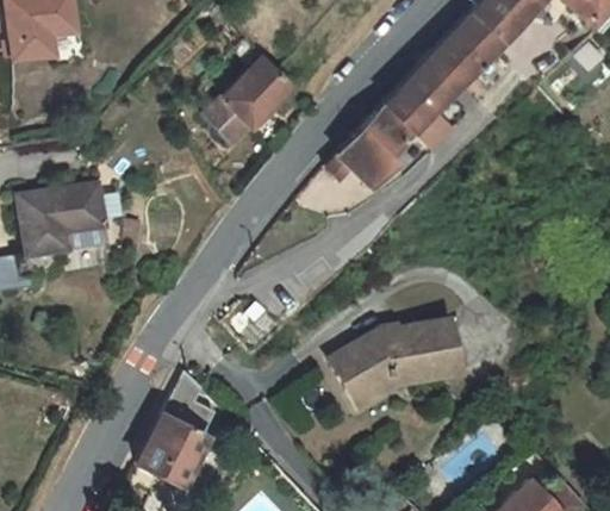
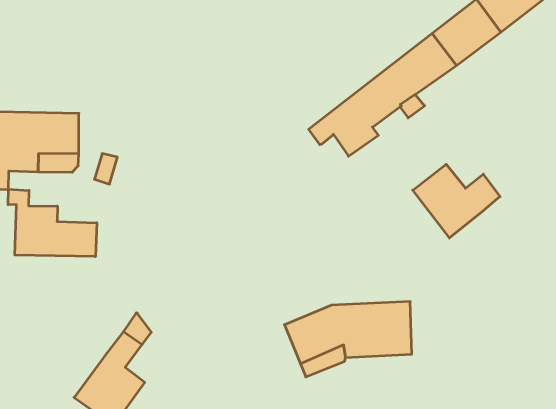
building: [203,57,292,145] -> none
building: none -> [413,164,500,238]
building: none -> [8,189,97,257]

